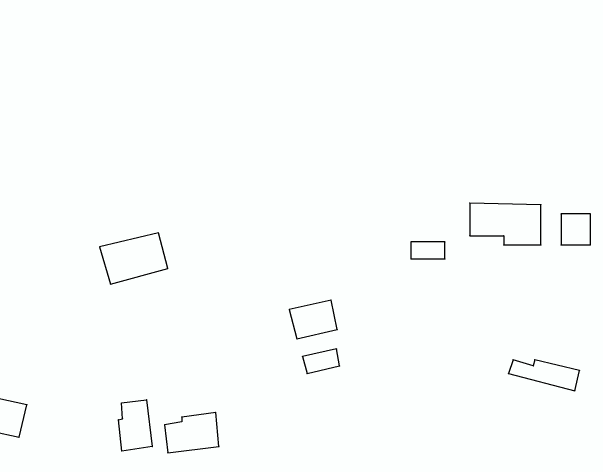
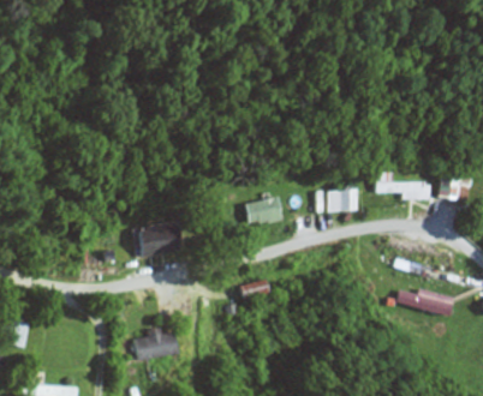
building: [100,233,168,284] -> [131,220,184,259]
building: [289,300,337,339] -> [243,196,280,226]
building: [118,400,152,451] -> none

